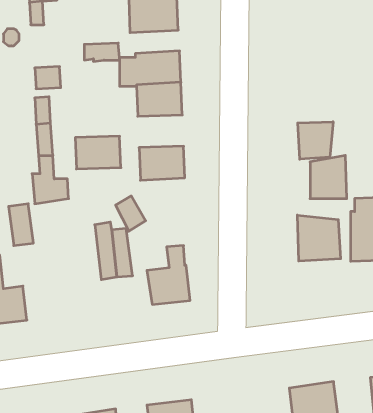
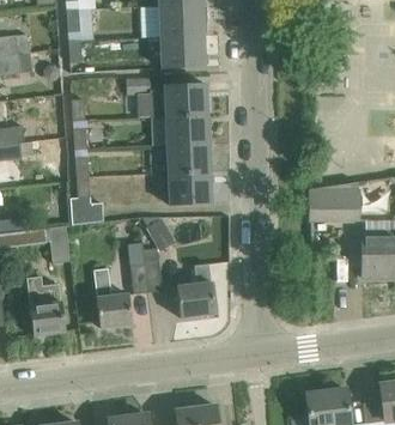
building: [298,122,333,159] -> none
building: [75,136,121,169] -> [168,144,209,174]
building: [297,215,341,261] -> none
building: none -> [93,268,133,327]

